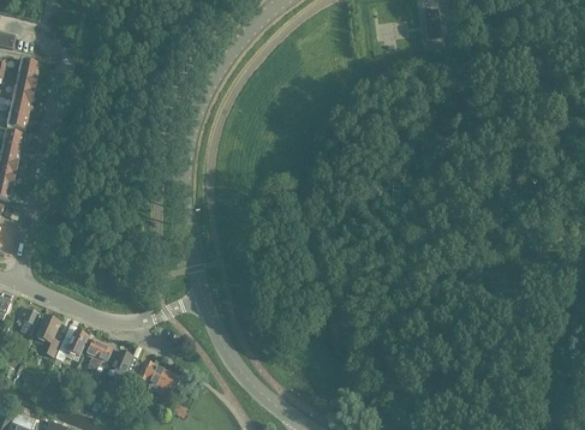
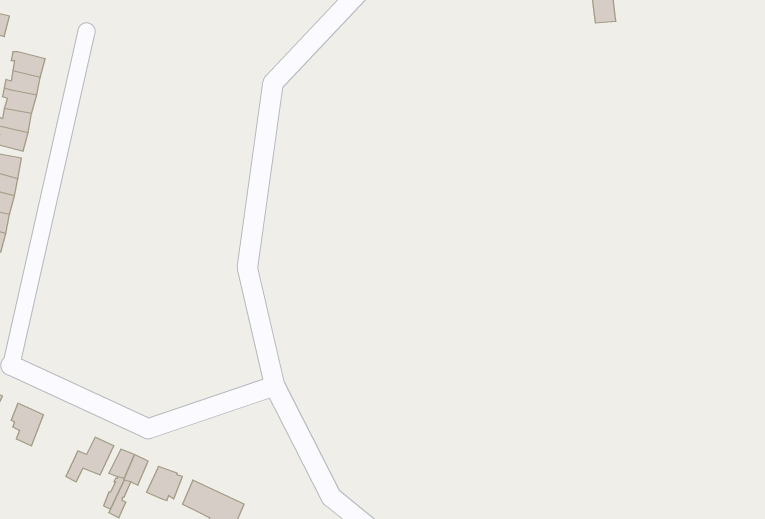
building: [35,316,59,357] -> none

